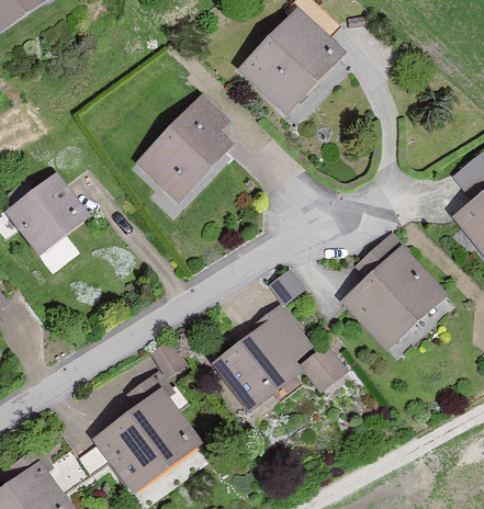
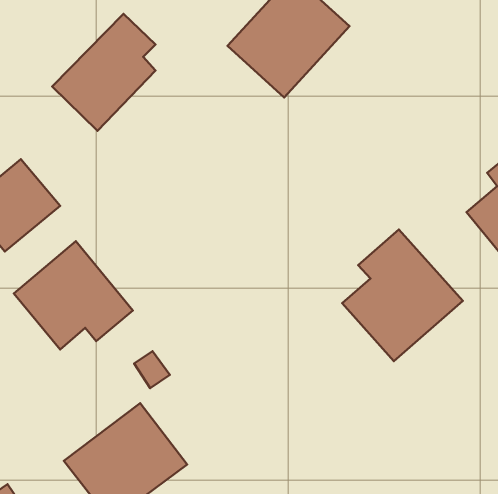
building: [137,97,229,201] -> [52,14,155,131]
building: none -> [14,241,133,349]
building: [213,304,350,411] -> none

